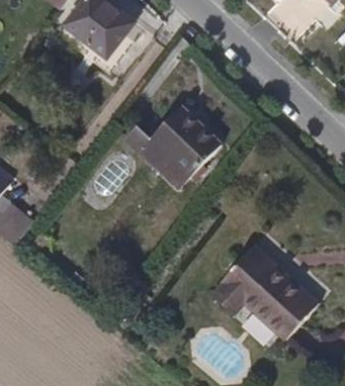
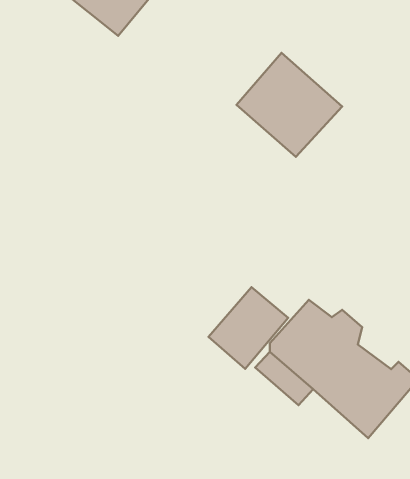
building: [142,104,215,177] -> [237,53,342,157]
building: none -> [209,287,288,369]

